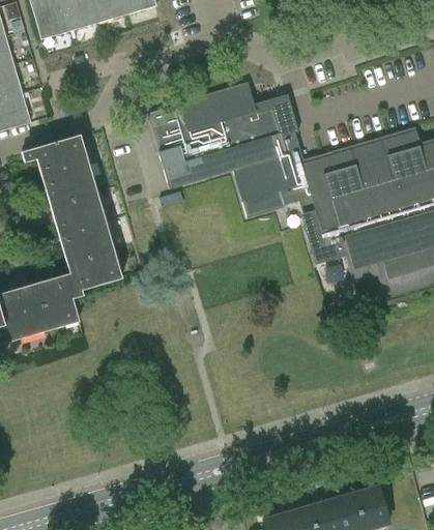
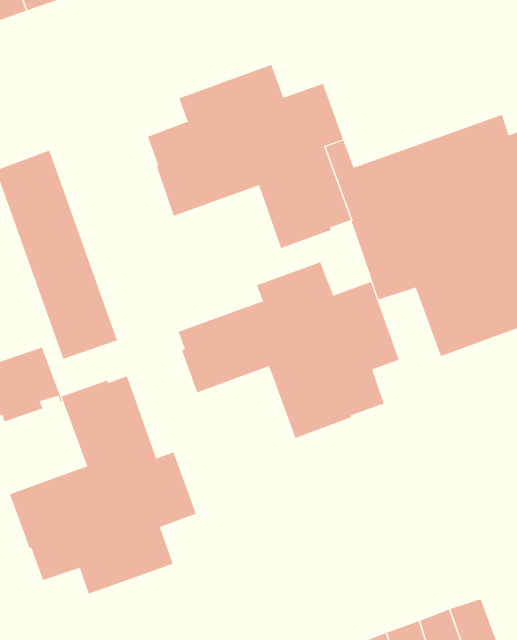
building: none -> [177,261,400,439]
building: none -> [9,375,196,594]

